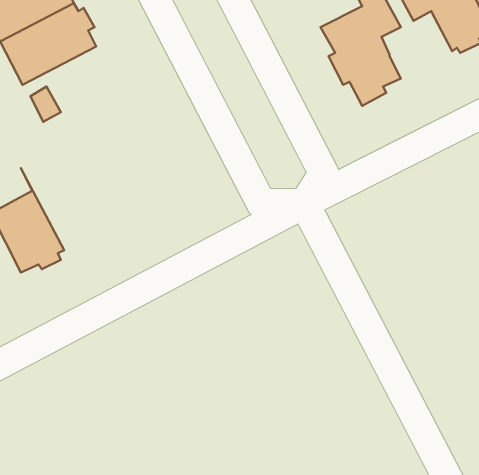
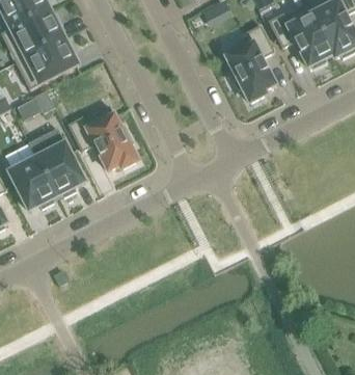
building: none -> [69,105,138,170]
building: none -> [29,128,85,196]

